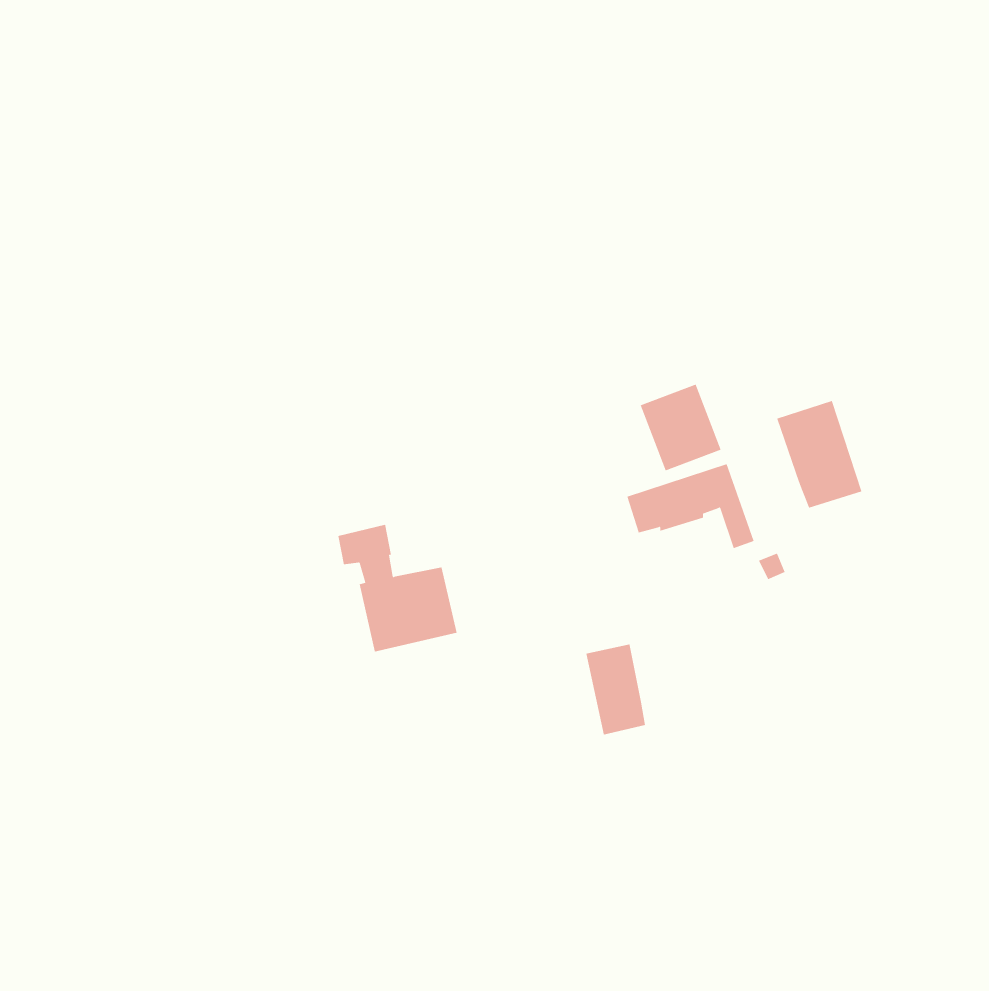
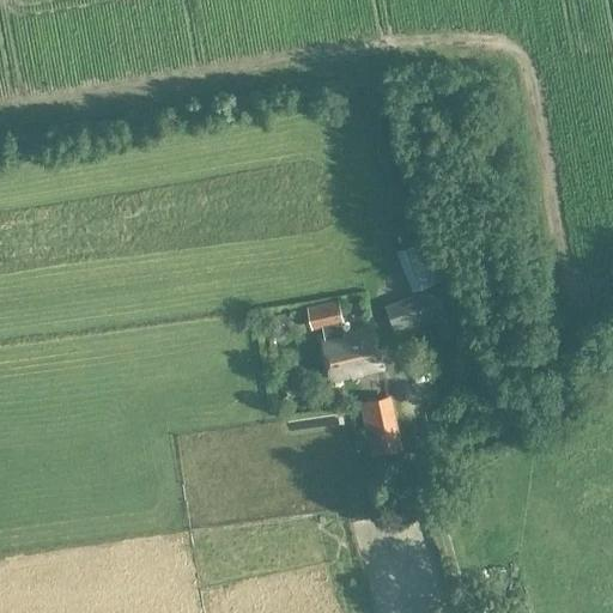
building: [777,400,862,509] -> none
building: [337,524,458,652] -> [308,302,382,381]

